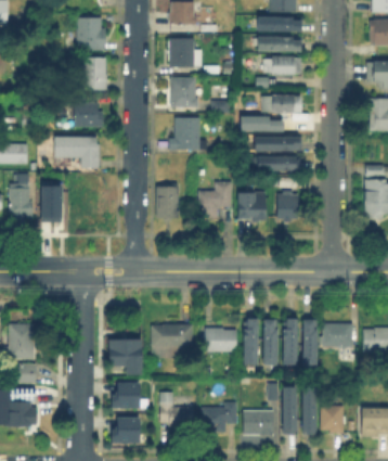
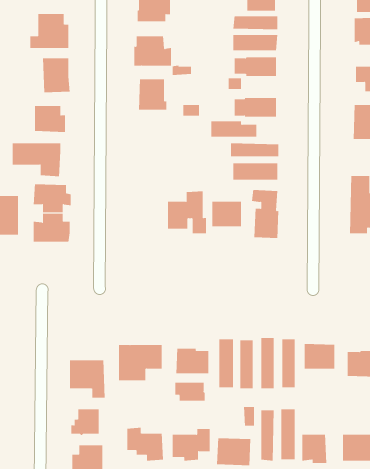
building: [168,116,207,149] -> none
building: [156,185,178,220] -> none
building: none -> [175,382,205,401]

